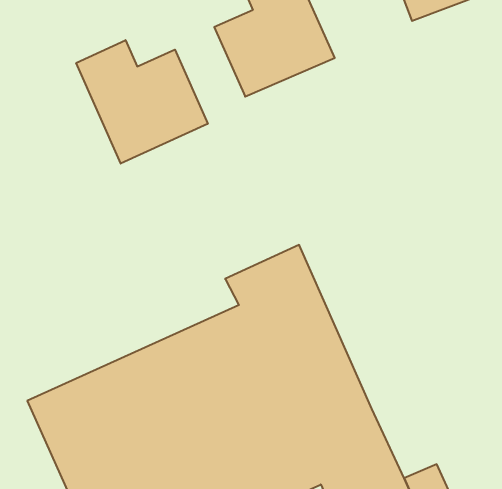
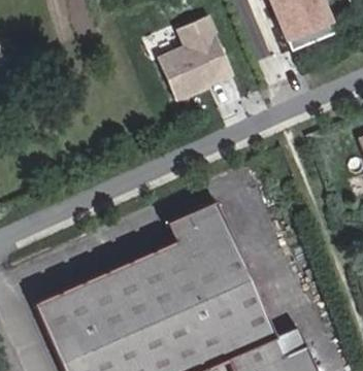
building: [76,40,208,164] -> none

